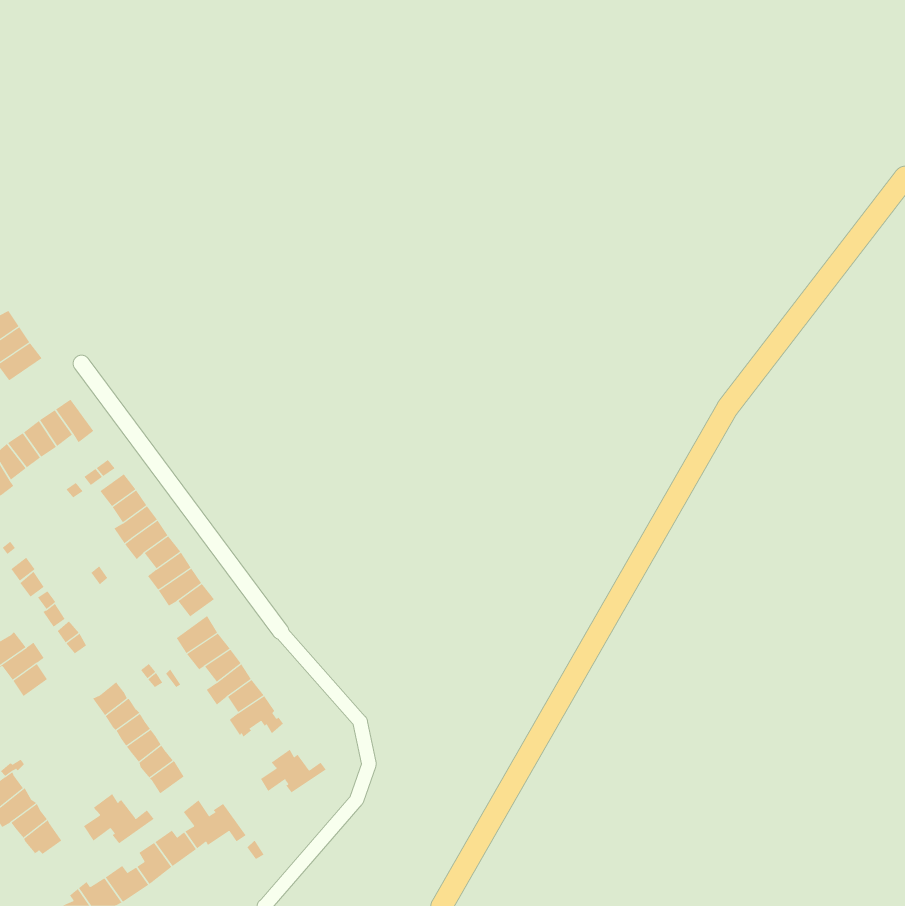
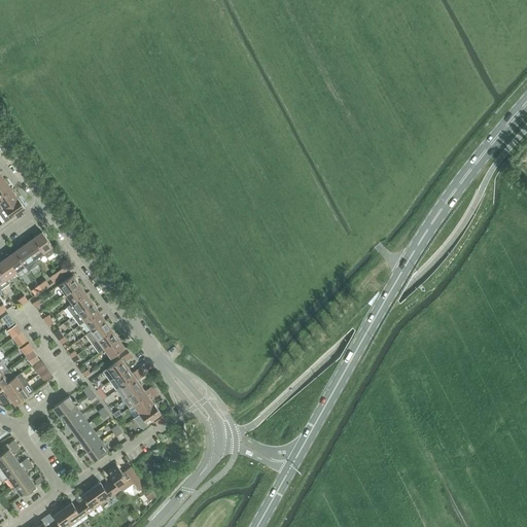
building: [260,749,326,793] -> none
building: [83,793,154,844] -> none

